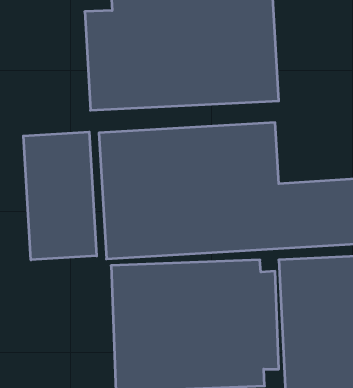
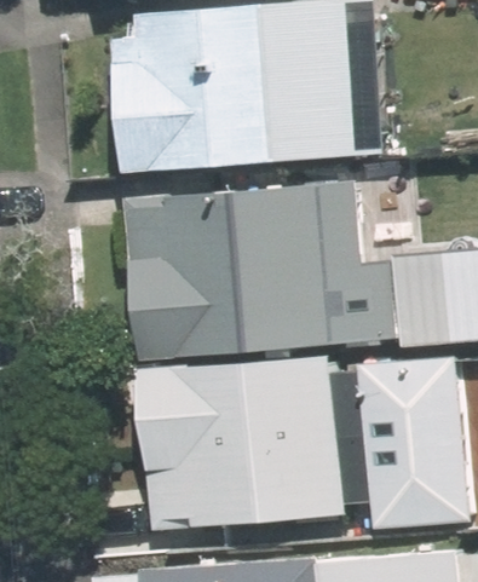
building: [23,132,97,260] -> none

